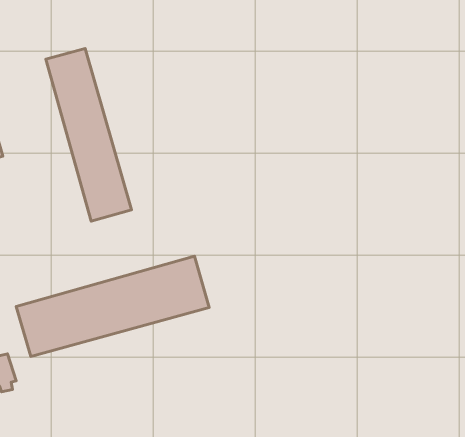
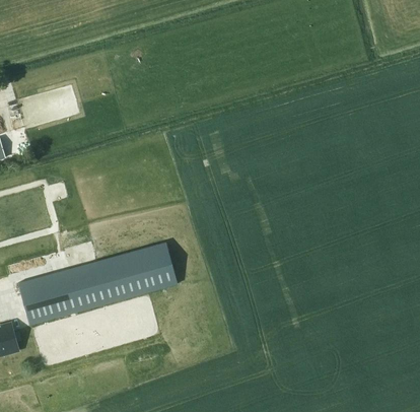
building: [46,49,131,221] -> none

